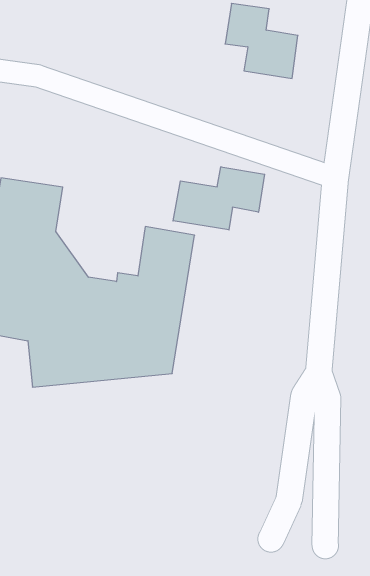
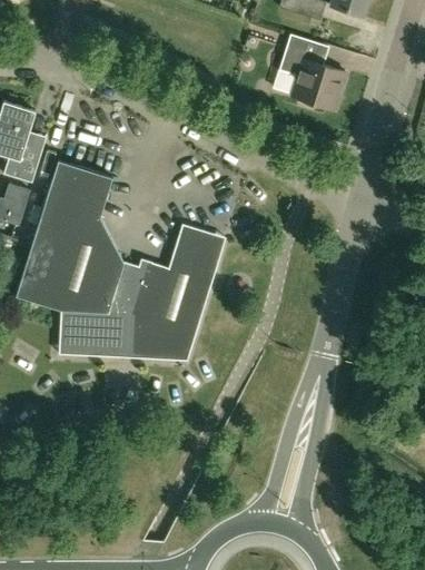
building: [173,167,265,230] -> none

